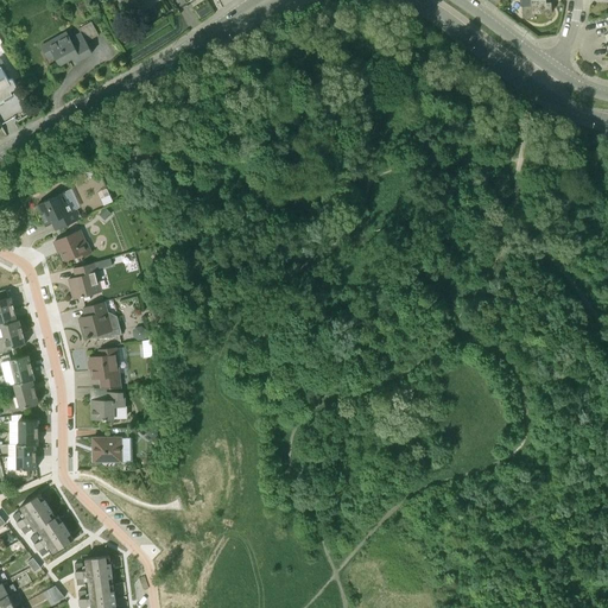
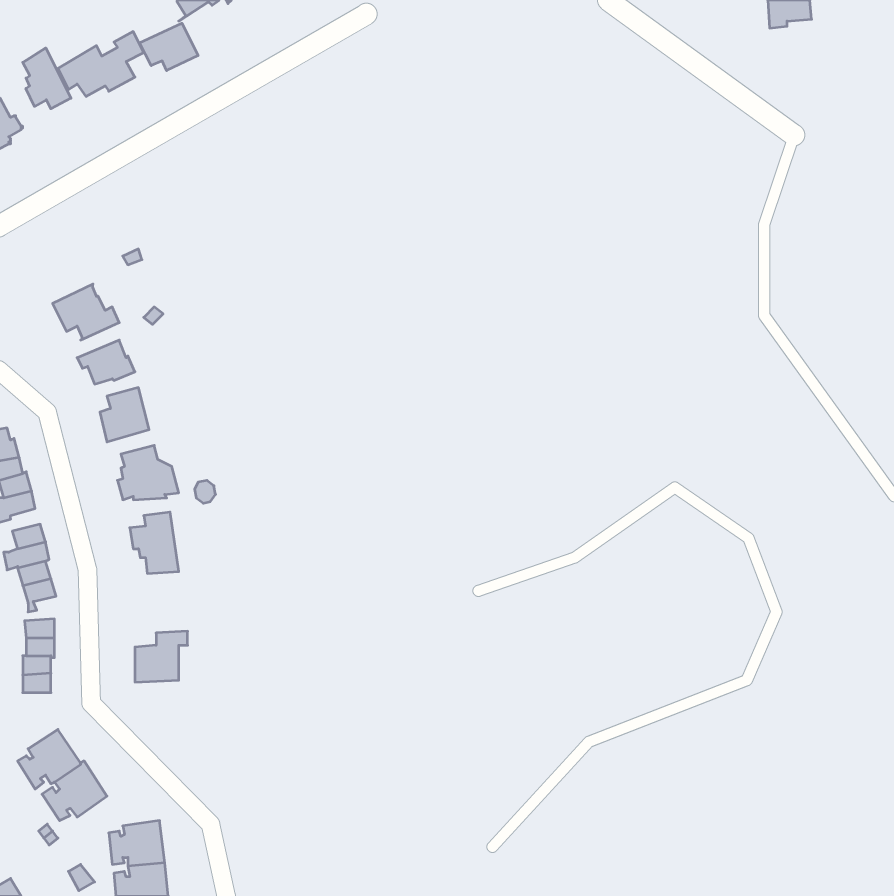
building: none -> [139,23,198,71]
building: none -> [23,48,71,109]
building: [91,392,125,420] -> none

